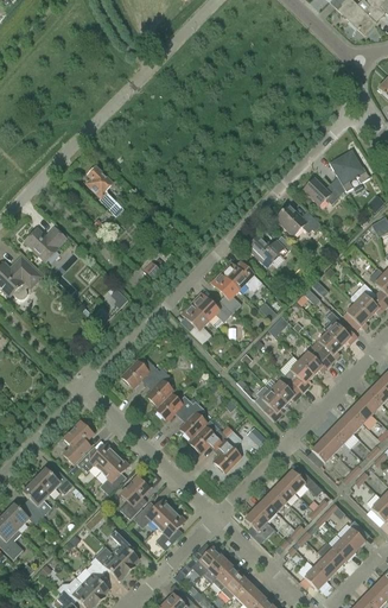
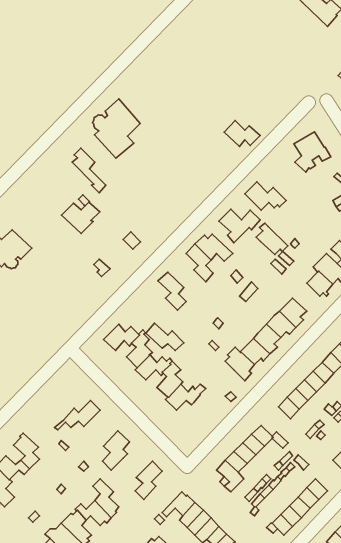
building: none -> [93,99,140,158]
building: [303,177,342,205] -> [224,120,260,146]
building: [25,227,66,261] -> [62,202,100,234]
building: [191,292,233,322] -> [146,323,184,350]
building: [323,311,357,346] -> [256,223,288,255]
building: [63,422,93,464] -> none
building: [214,430,242,473] -> none
building: [98,454,128,495] -> none
building: [33,468,74,494] -> none
building: [133,499,174,528] -> none

